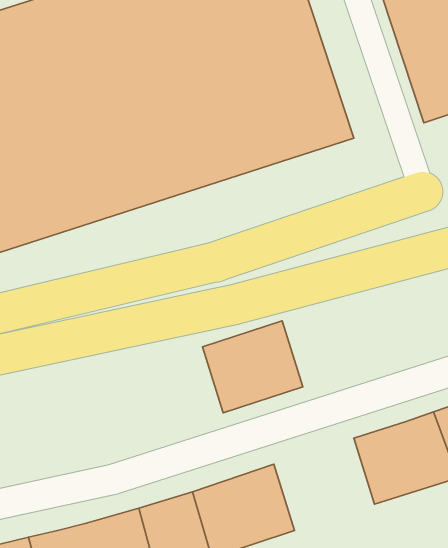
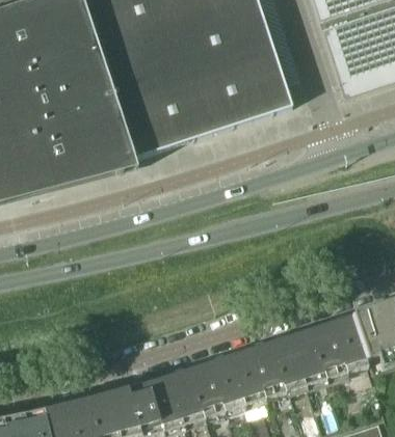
building: [202,321,303,413] -> [232,332,308,402]

